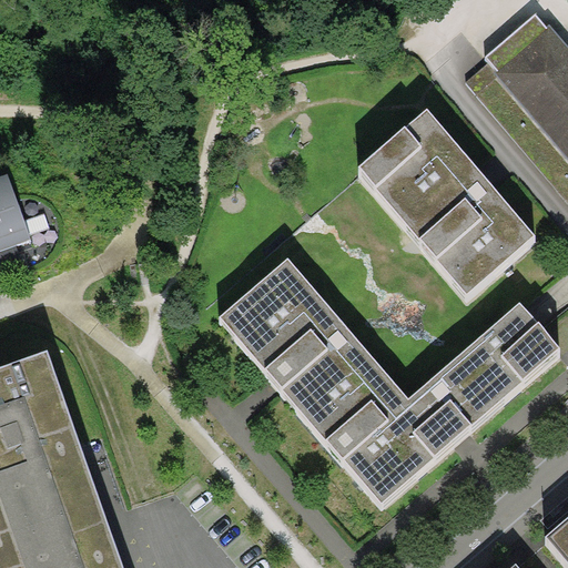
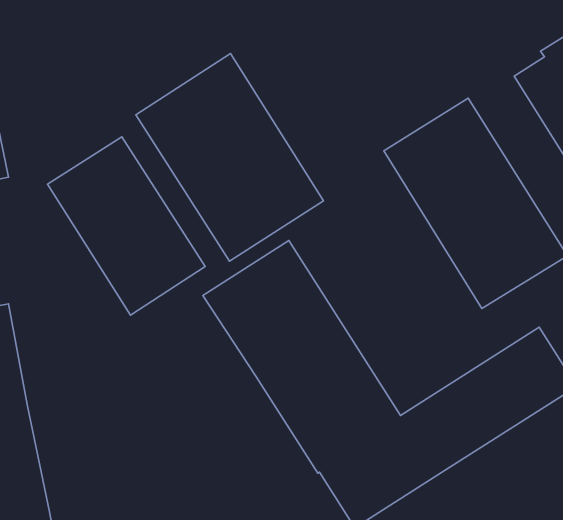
building: none -> [136,54,324,261]
building: none -> [48,137,205,315]

